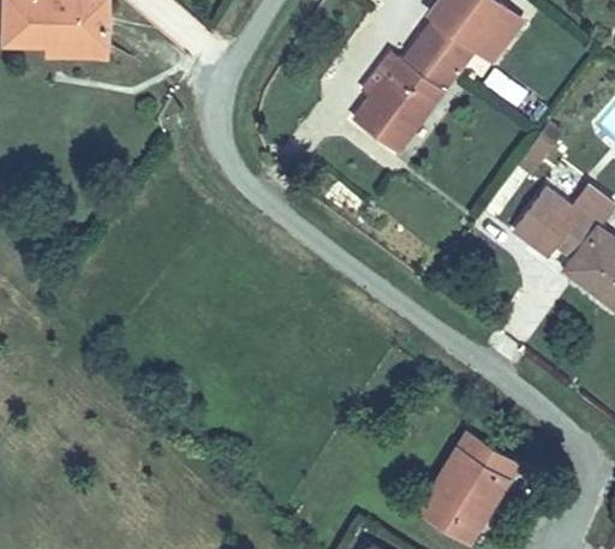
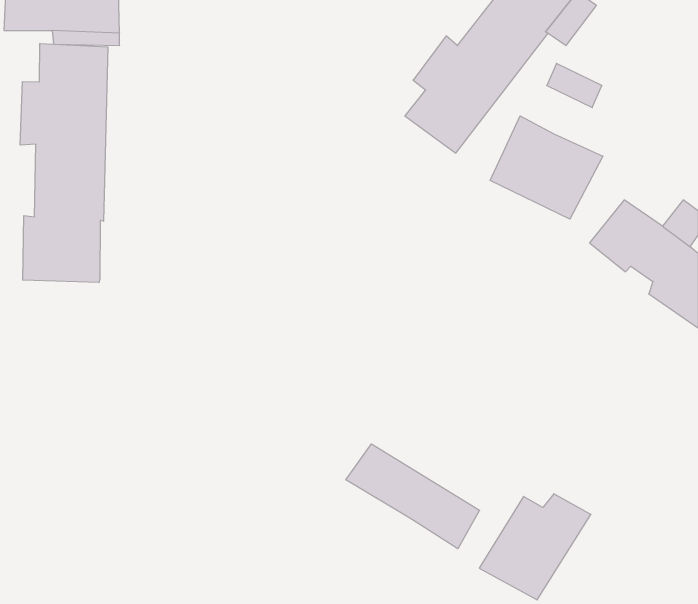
building: none -> [20,43,108,283]
building: none -> [490,116,603,219]
building: none -> [346,444,480,549]

